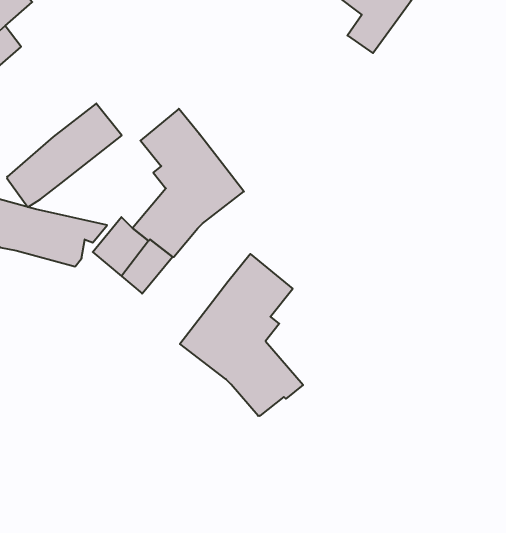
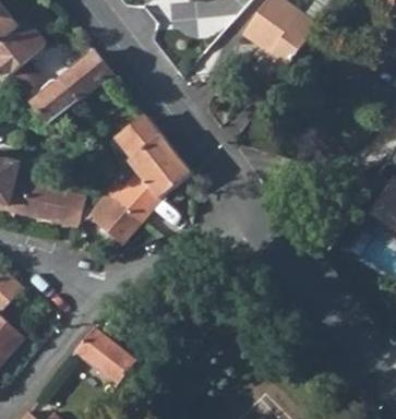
building: [7,103,122,207] -> [32,52,110,123]
building: [180,254,303,416] -> none
building: none -> [72,325,134,383]

